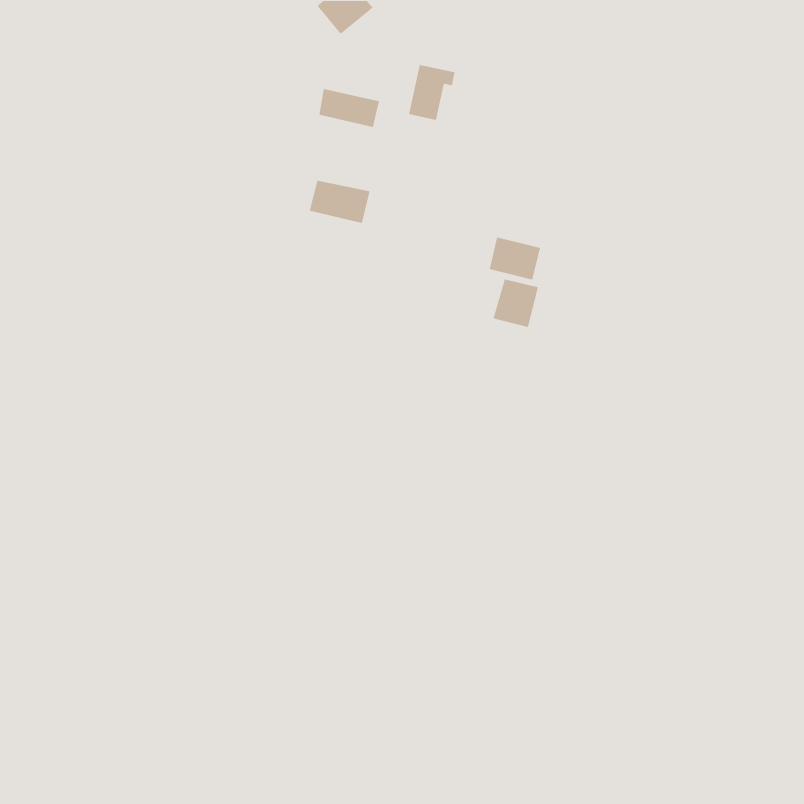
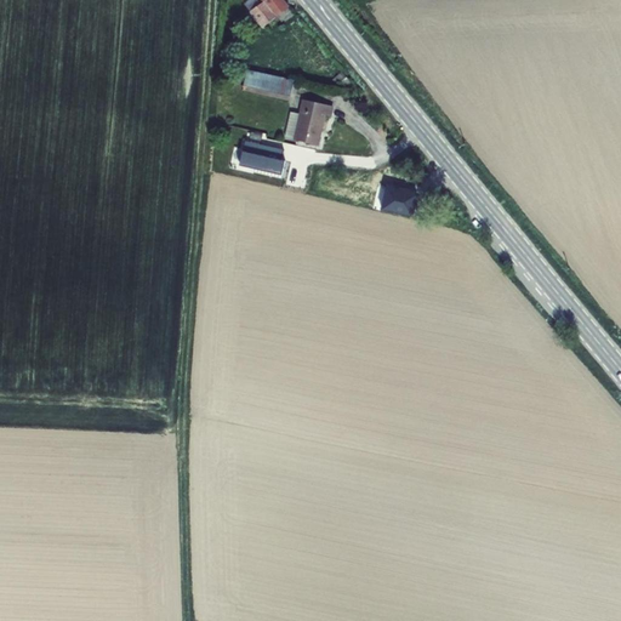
building: [408,64,456,121] -> [295,98,331,142]
building: [492,278,539,328] -> none

